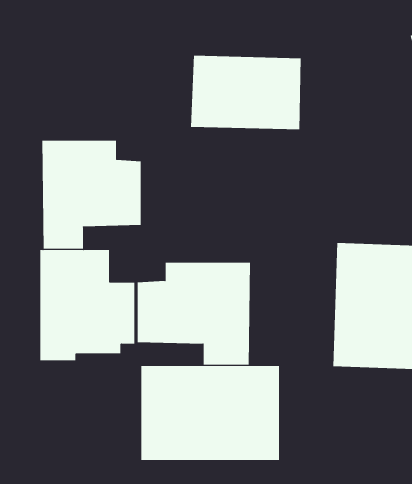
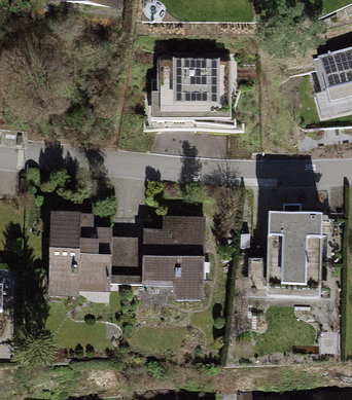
building: [42,140,141,250] -> none
building: [141,365,279,461] -> none

